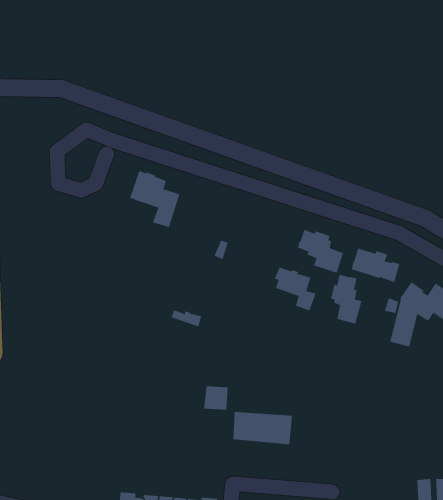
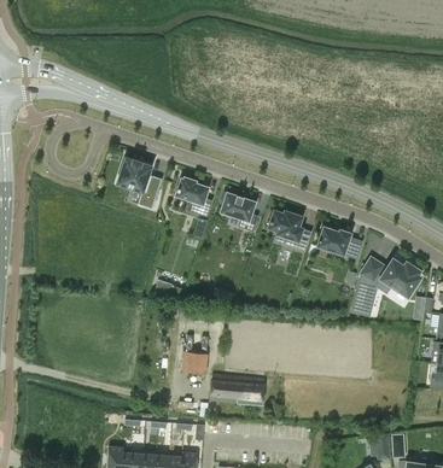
building: none -> [175,177,212,216]
building: [274,267,317,311] -> [220,192,258,232]
building: [330,274,362,324] -> none

